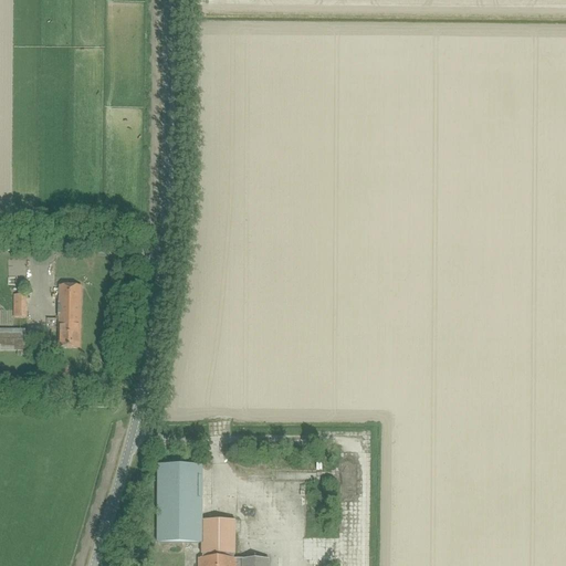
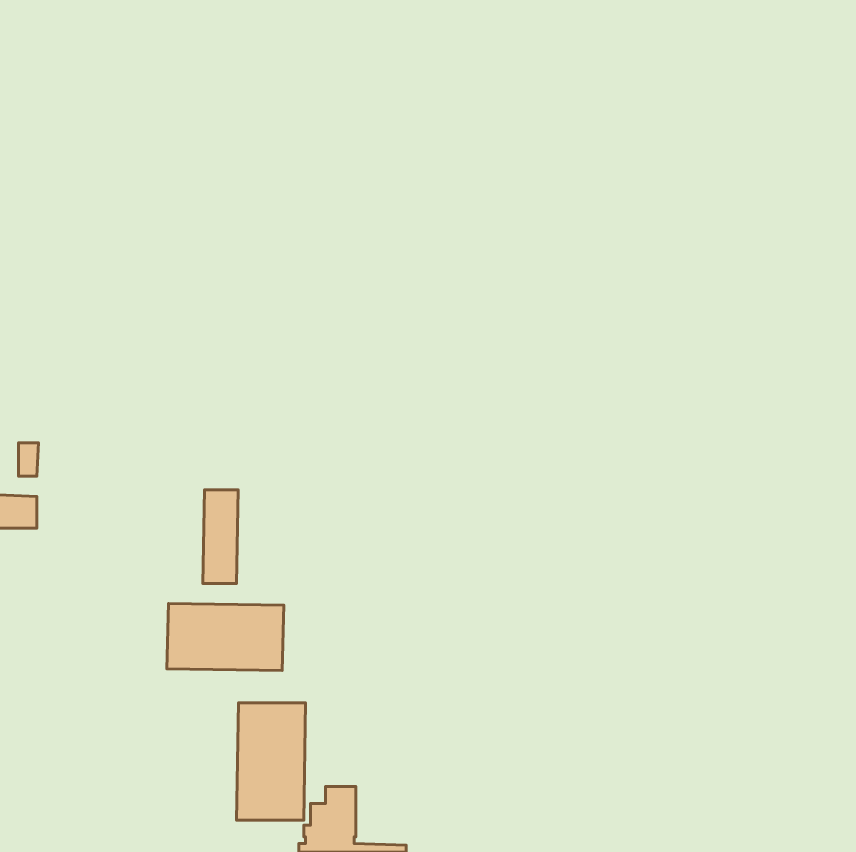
building: [57,283,81,345] -> [203,490,238,584]
building: none -> [167,604,284,671]

